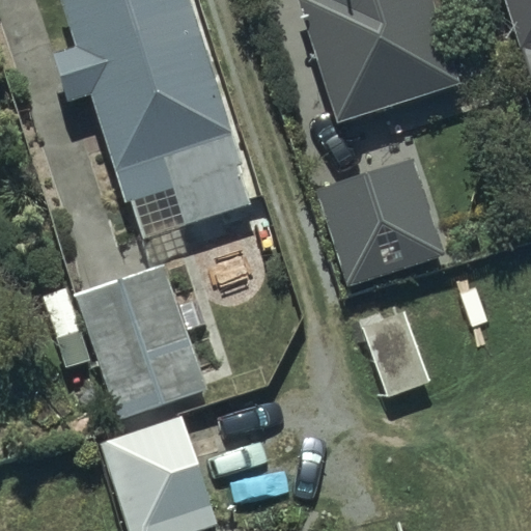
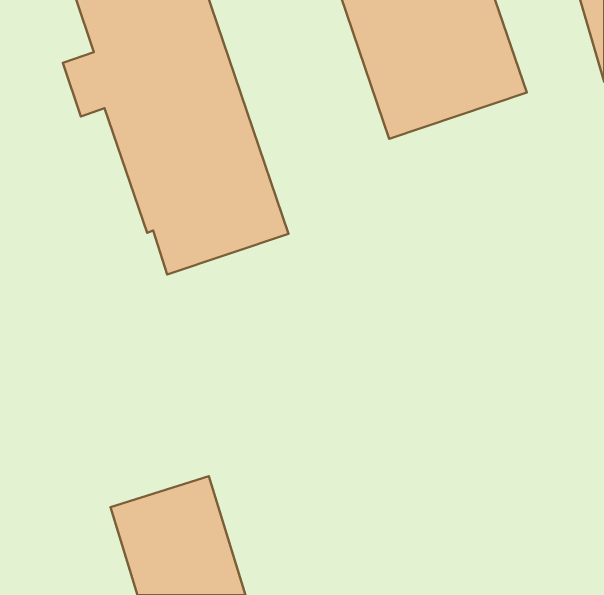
building: [317,160,444,285] -> none
building: [79,267,205,418] -> none

